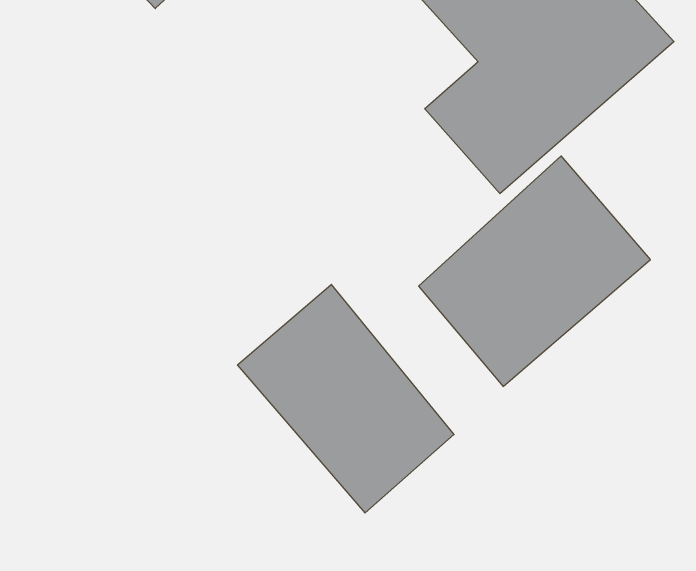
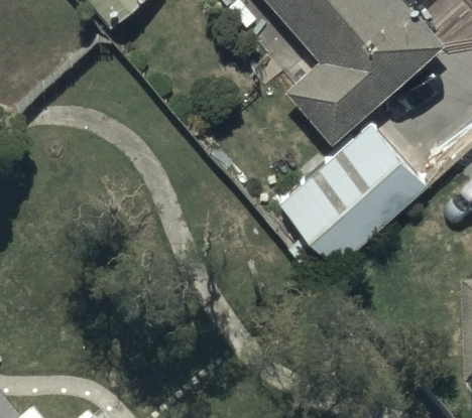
building: [238,284,454,513] -> none

